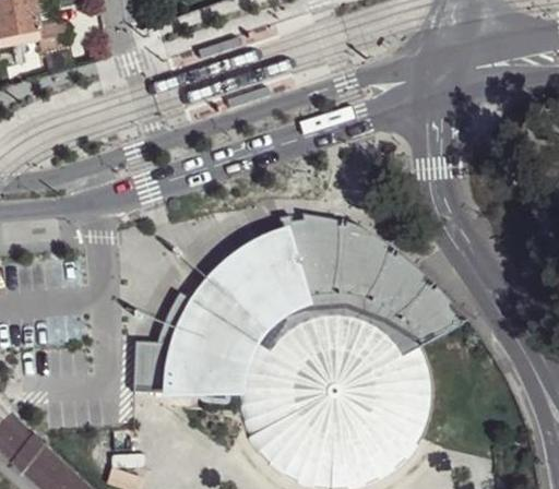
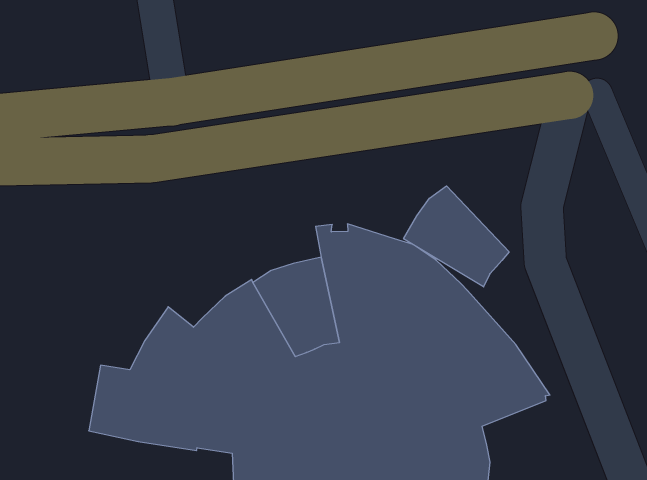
building: none -> [404,186,509,287]

